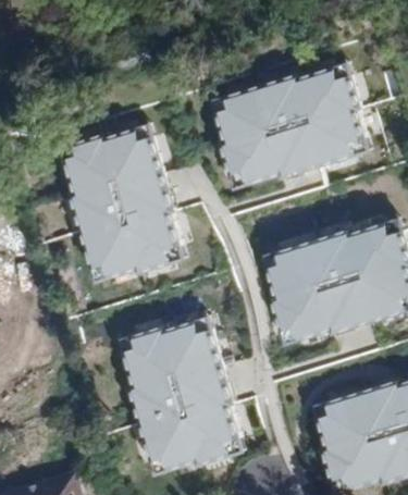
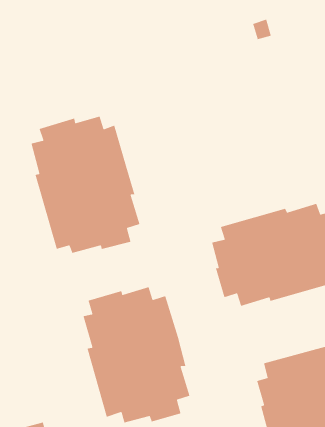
building: [213,72,363,188] -> none

